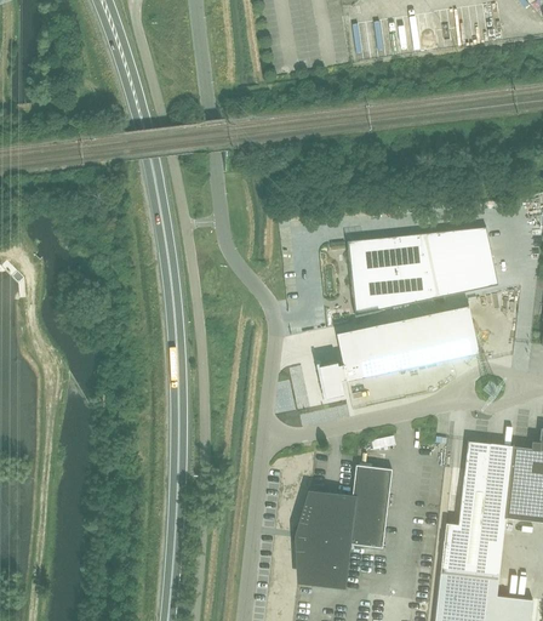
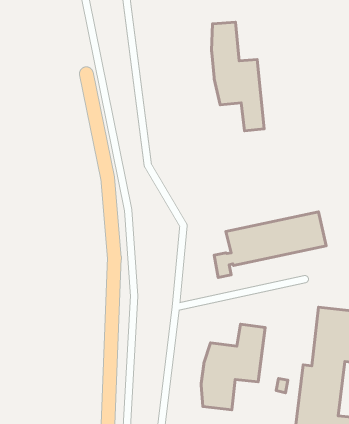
building: none -> [212,22,264,131]
building: [348,228,498,317] -> none

